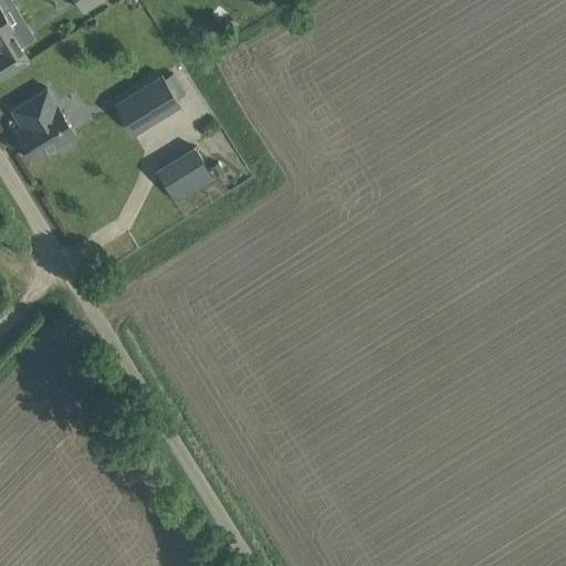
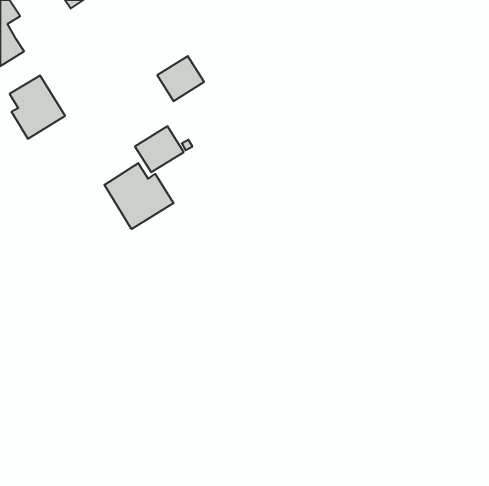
building: [126,77,180,129] -> [157,56,204,101]
building: none -> [104,163,174,229]

